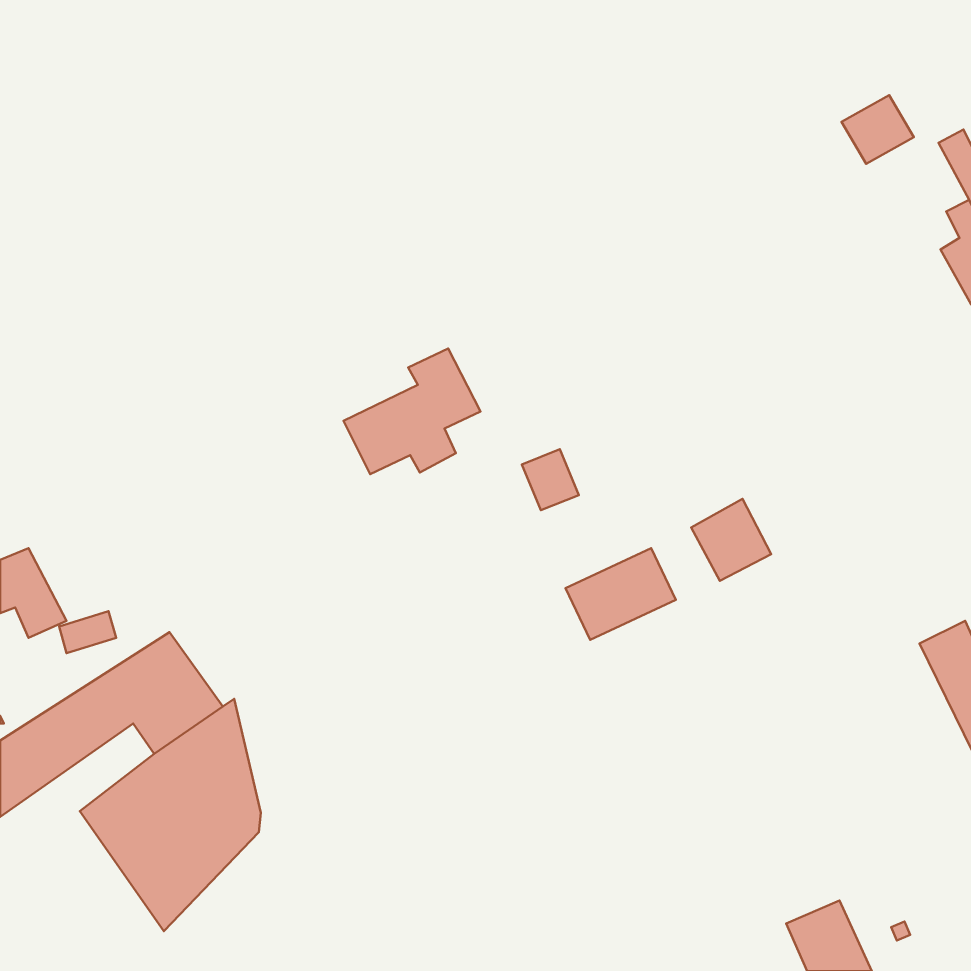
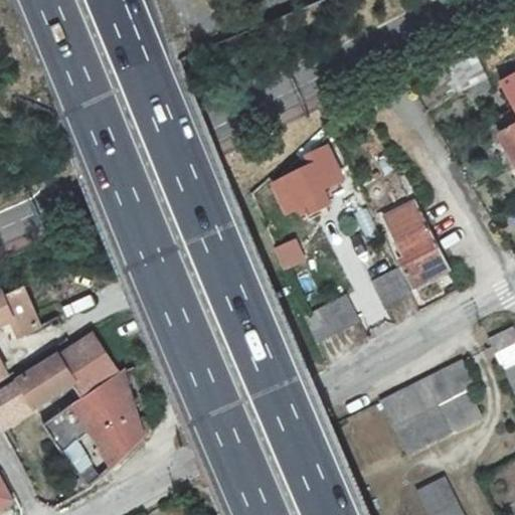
building: [344,349,481,474] -> [272,150,344,216]
building: none -> [381,196,449,286]
building: none -> [384,358,483,450]

